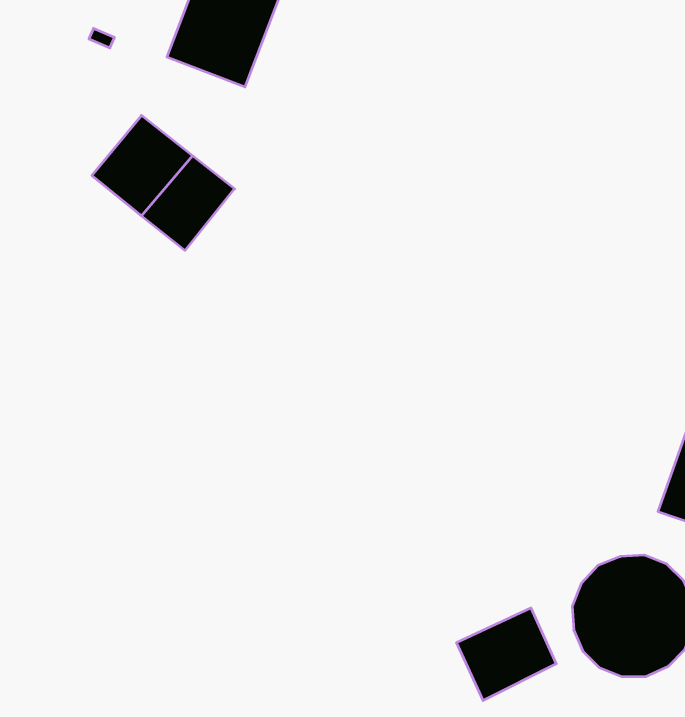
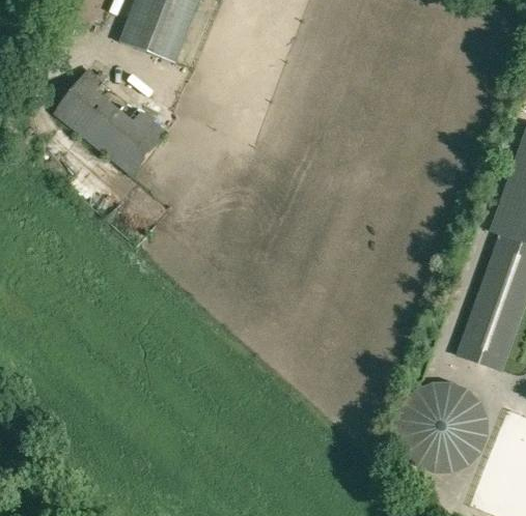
building: none -> [54,68,106,122]
building: [457,608,556,701] -> none

